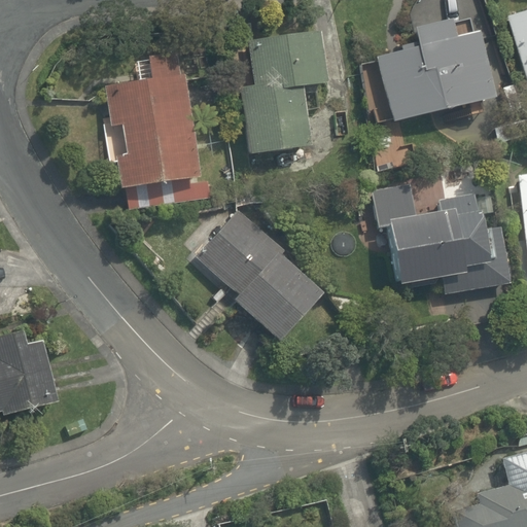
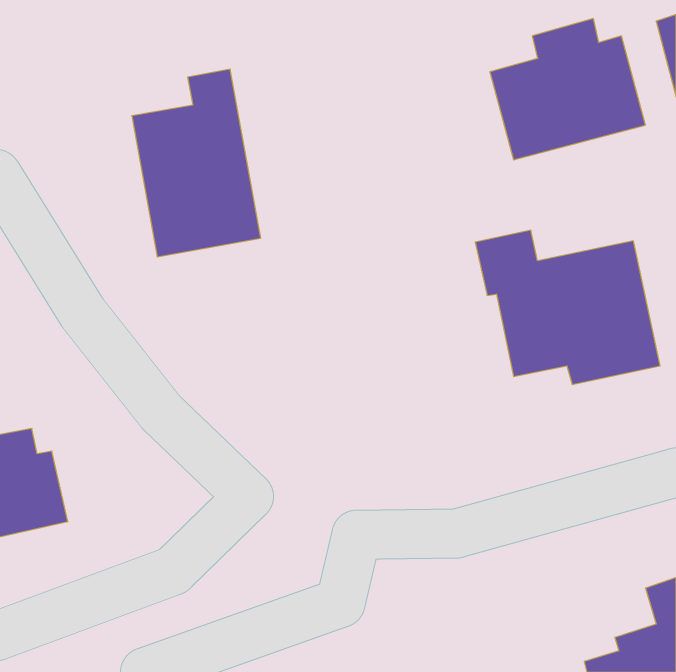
building: [246,27,328,159] -> none
building: [196,207,327,343] -> none

